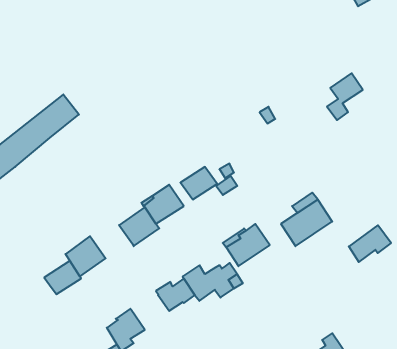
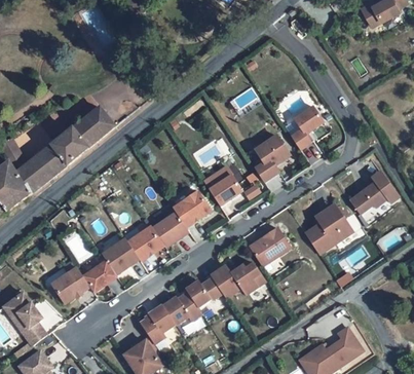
building: [327,73,363,120] -> [291,105,324,148]
building: none -> [255,135,290,181]
building: none -> [127,225,164,260]
building: [349,225,391,262] -> [348,181,387,215]
building: none -> [52,266,90,302]
building: none -> [163,292,202,324]

